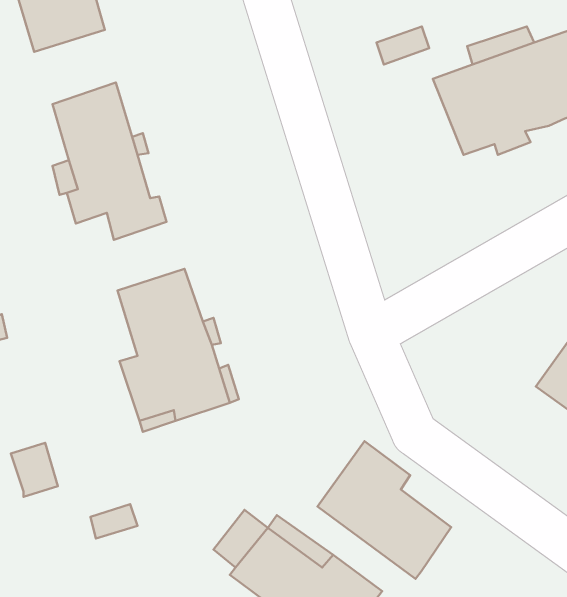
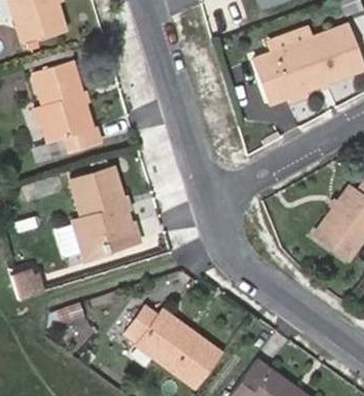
building: [318,441,451,579] -> none

